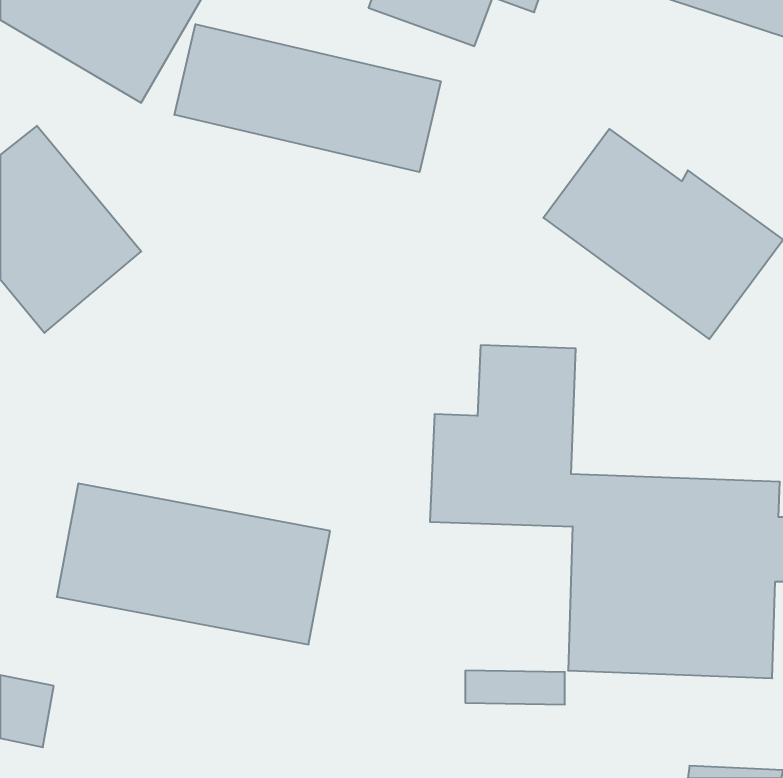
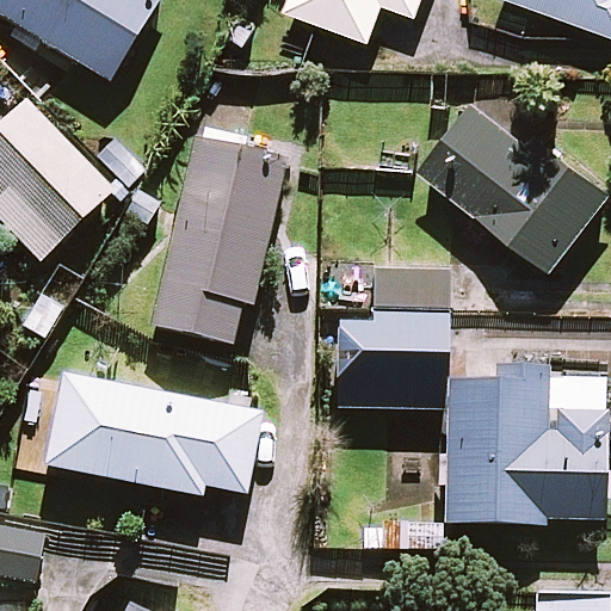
building: [174,24,441,172] -> none
building: none -> [150,141,285,346]

